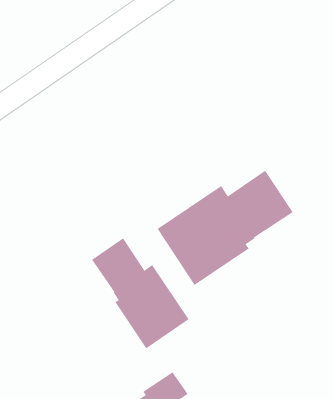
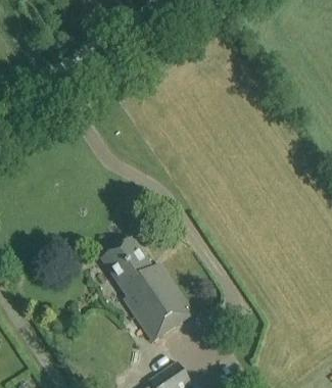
building: [157,170,293,286] -> none

